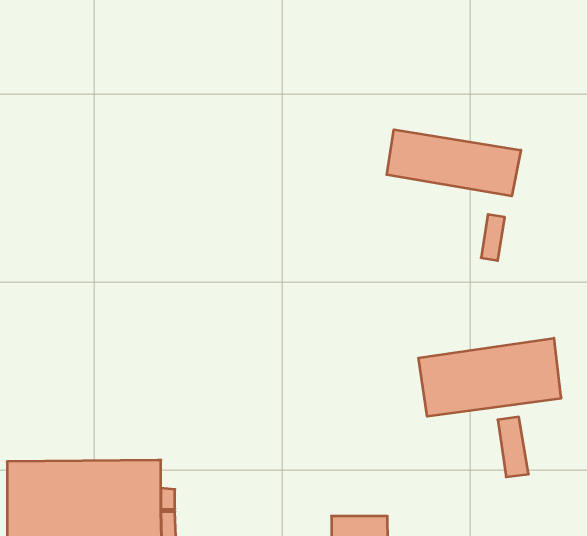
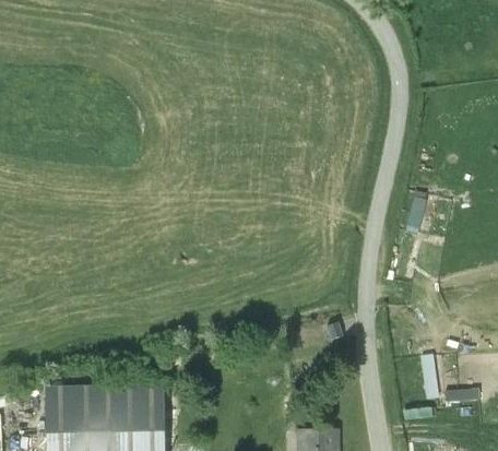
building: [387,130,521,196] -> none
building: [419,338,561,416] -> none

